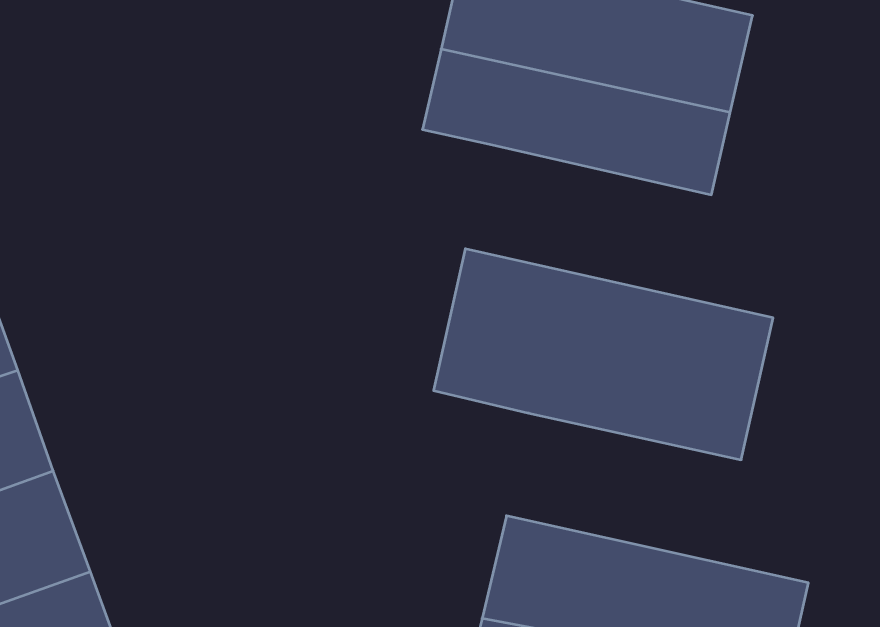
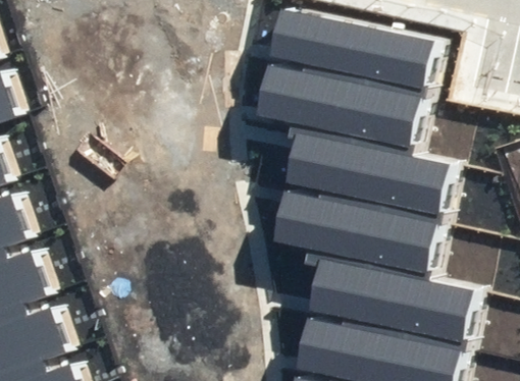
building: none -> [277,114,459,209]
building: none -> [300,261,478,353]

